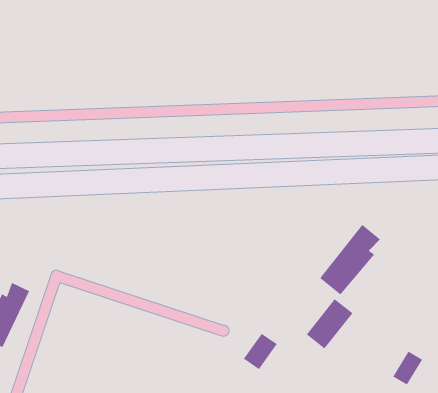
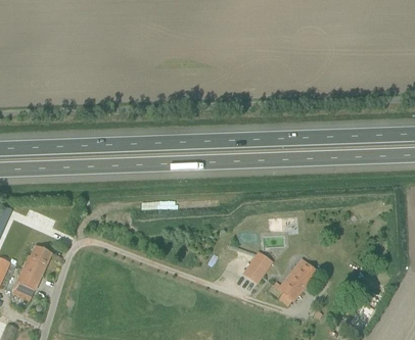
building: [319,224,381,295] -> none
building: [243,333,278,370] -> [243,252,272,283]

